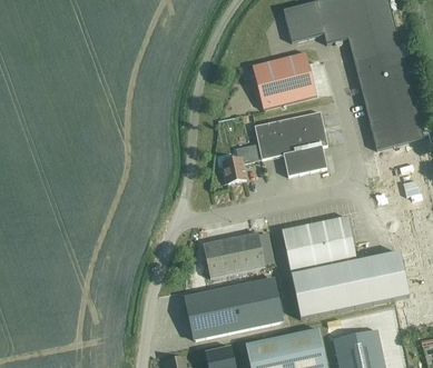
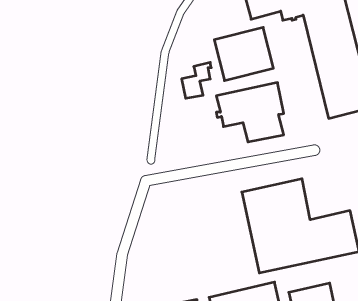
building: [223,142,255,181] -> [182,62,211,98]
building: [203,231,265,277] -> none
building: [186,277,282,339] -> none

